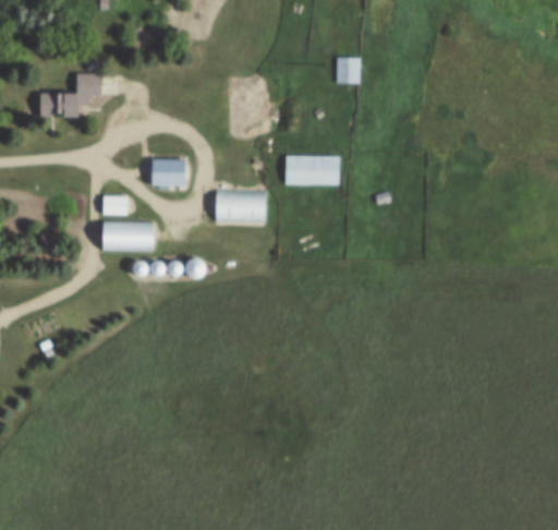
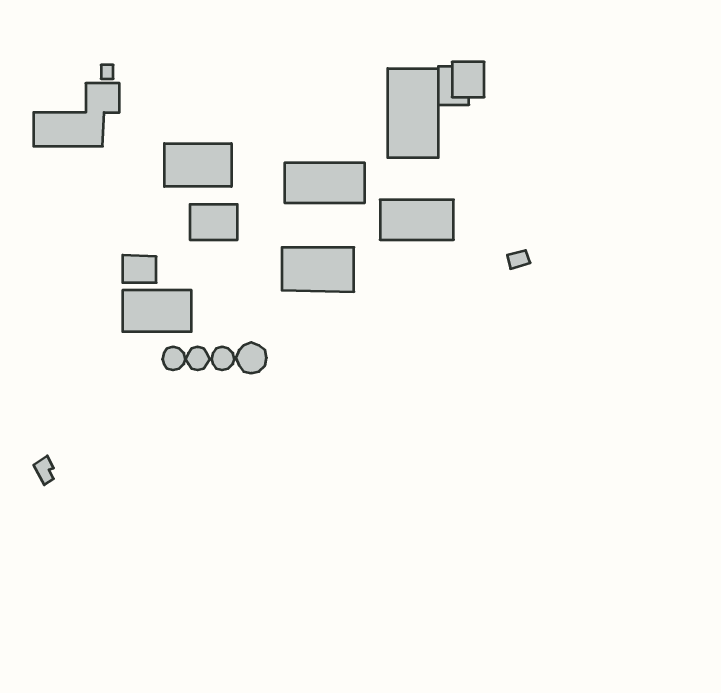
building: none -> [388,68,438,158]
building: none -> [164,143,231,187]
building: none -> [285,163,364,203]

